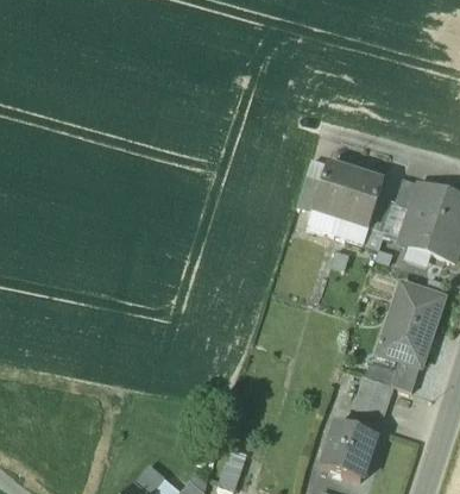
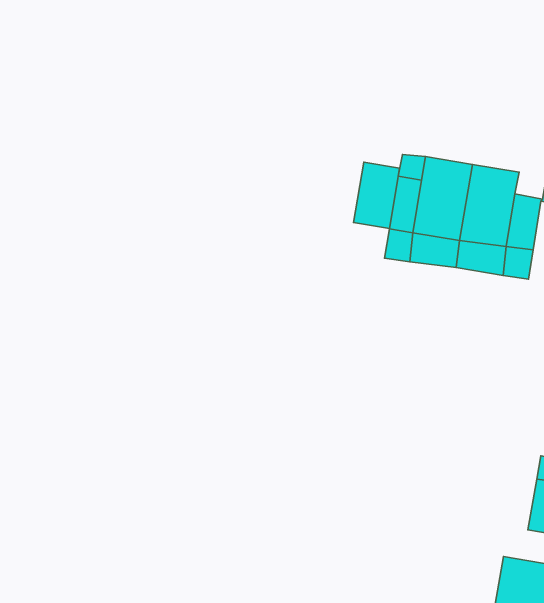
building: none -> [354,162,400,229]

